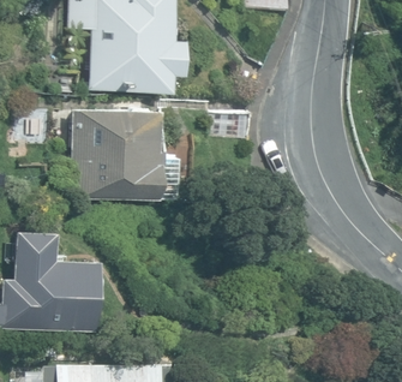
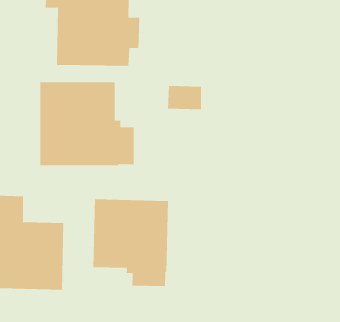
building: none -> [93,199,169,287]

